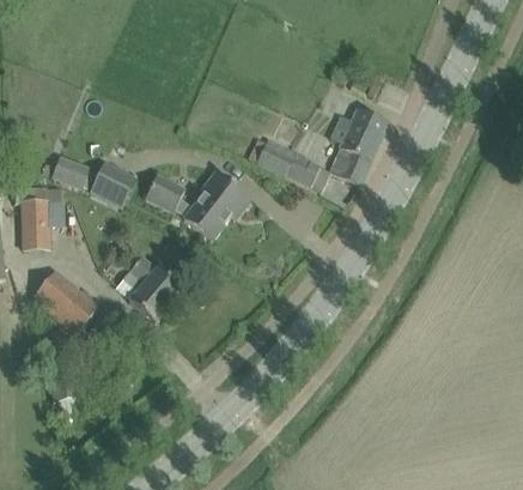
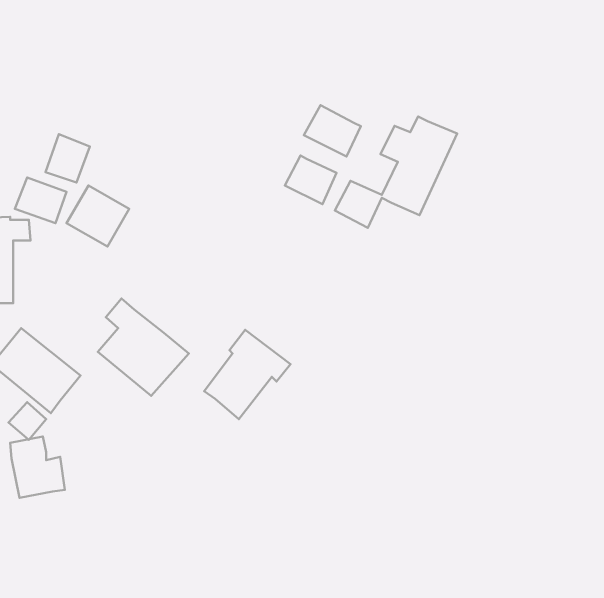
building: none -> [304,105,361,157]
building: none -> [45,134,90,182]
building: [146,173,187,212] -> none
building: [183,176,249,244] -> [204,330,291,419]

